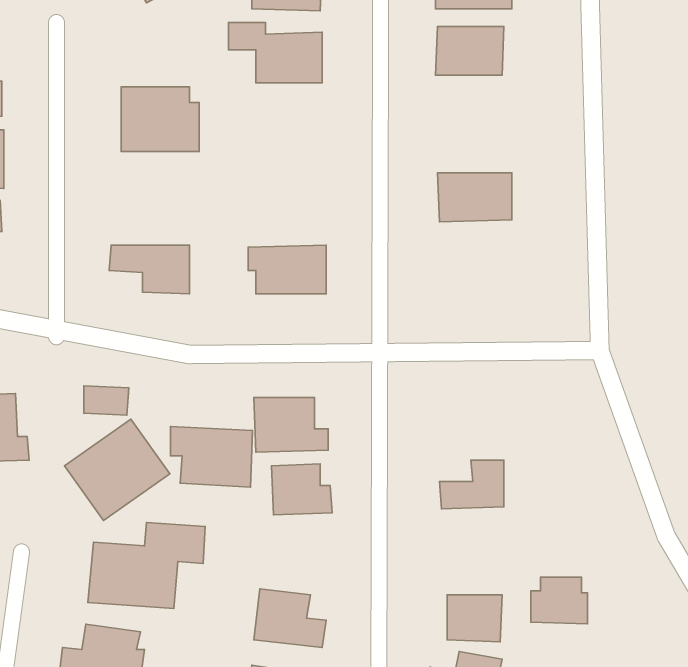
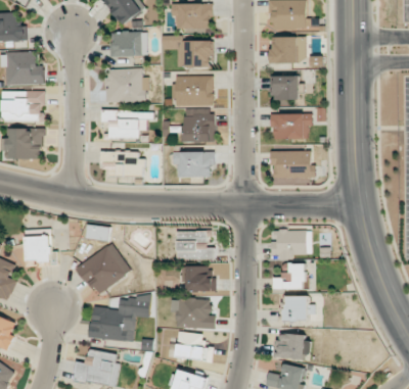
building: none -> [109,32,146,57]
building: none -> [174,76,214,107]
building: none -> [272,77,299,101]
building: none -> [101,110,152,140]
building: none -> [181,115,214,143]
building: none -> [270,151,315,179]
building: none -> [272,231,311,257]
building: [170,426,253,487] -> [170,298,213,330]
building: [531,577,587,624] -> [281,297,311,322]

